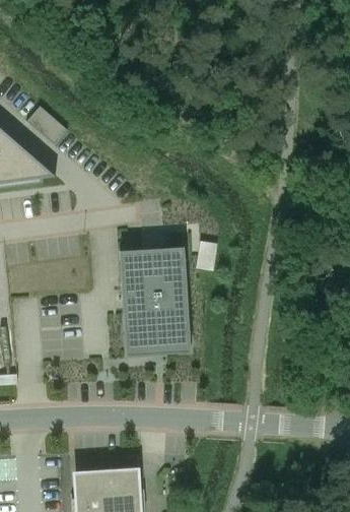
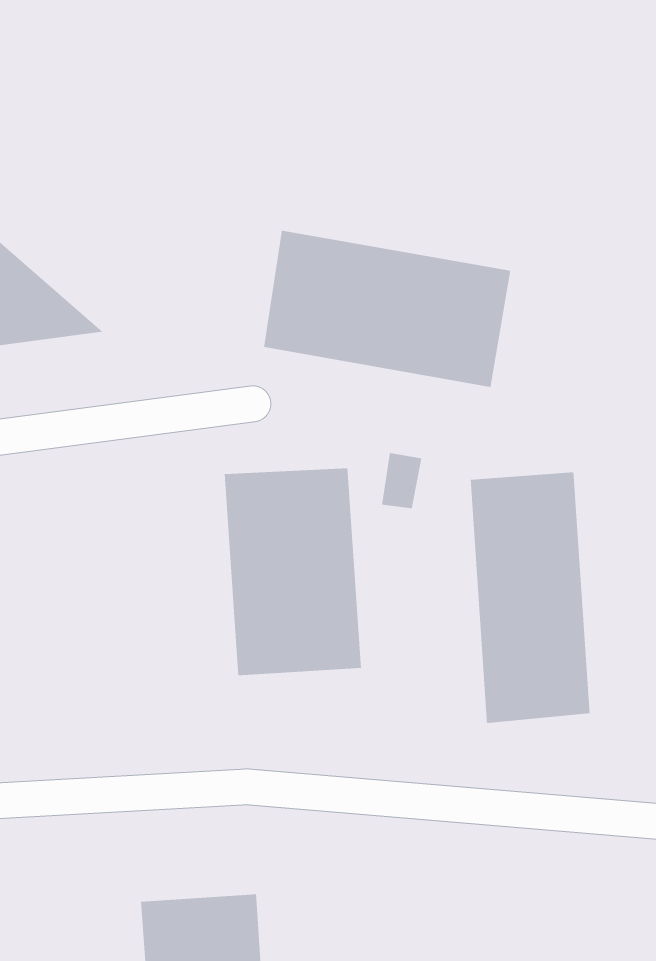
building: none -> [264,230,511,388]
building: none -> [470,472,590,724]

